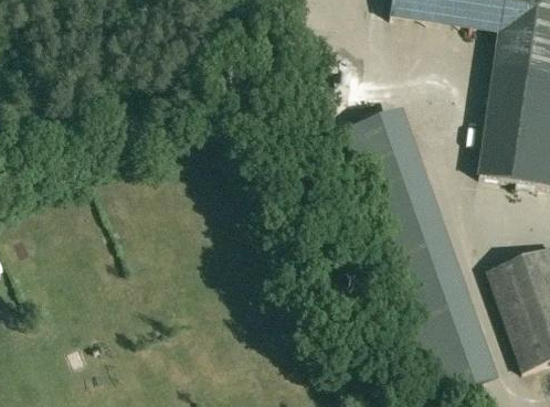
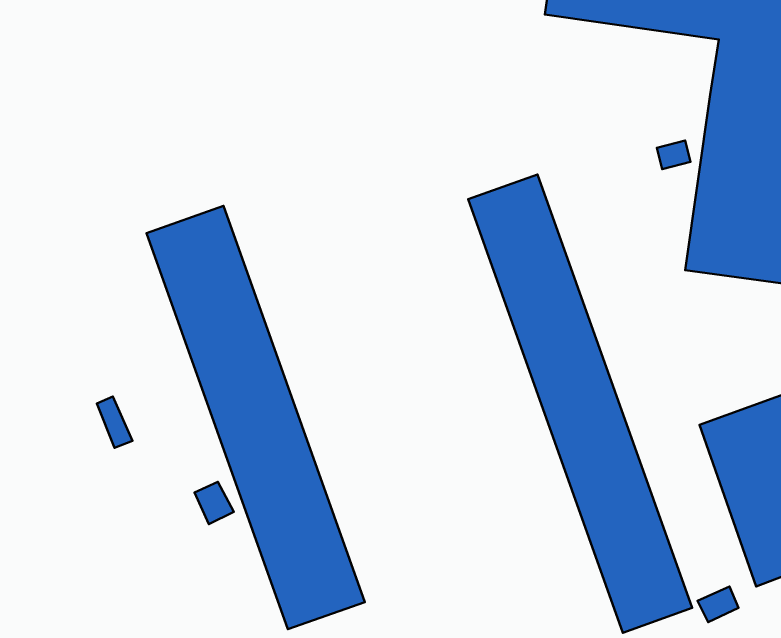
building: none -> [147,206,365,629]

